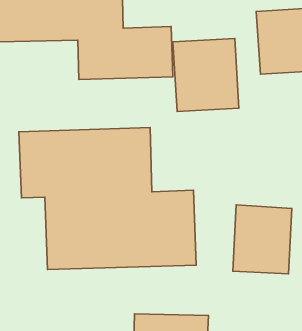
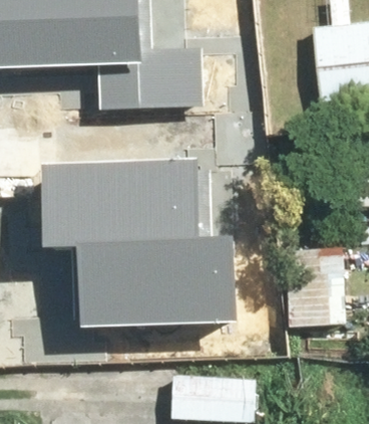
building: [173,38,239,112] -> none

